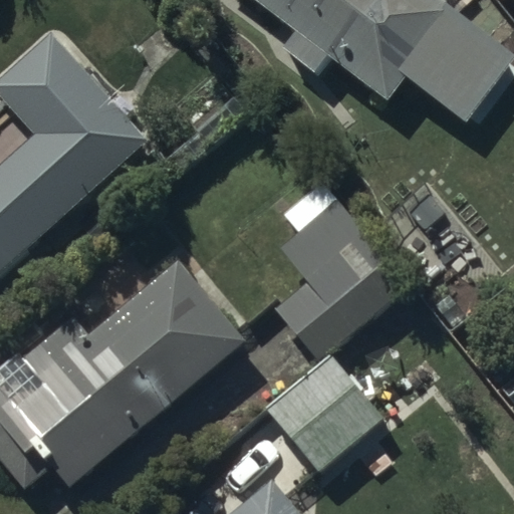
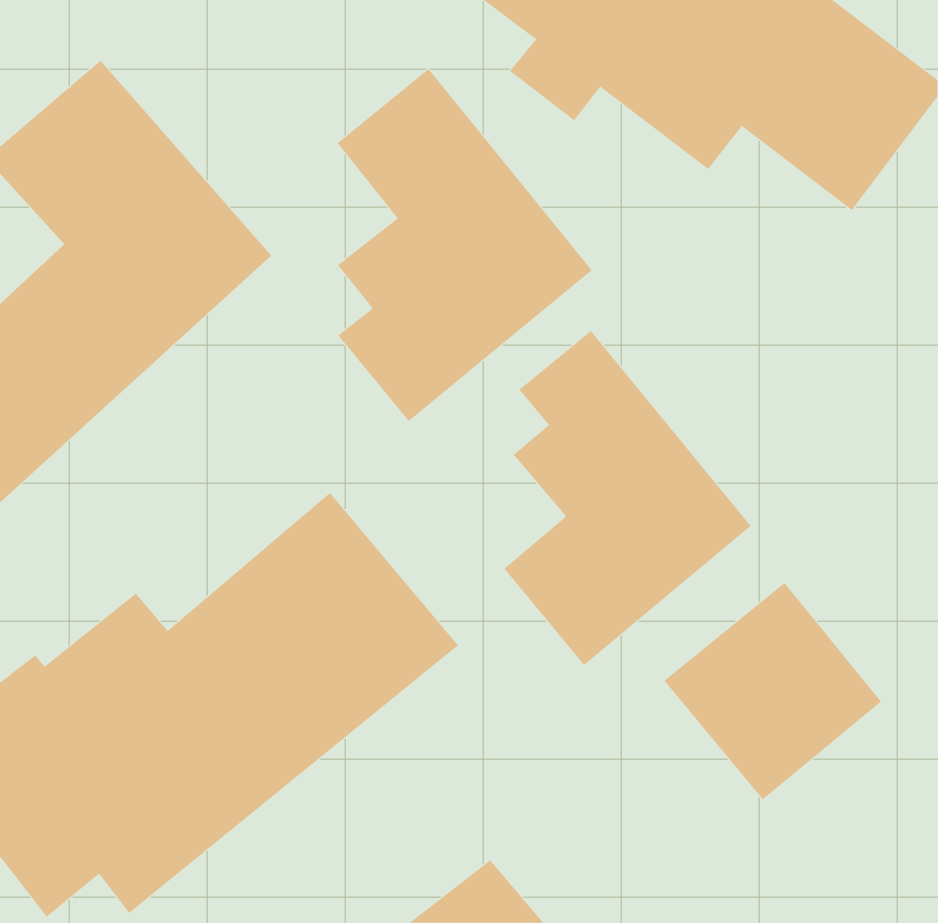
building: none -> [337,68,593,422]
building: [266,354,383,472] -> [664,582,882,800]

